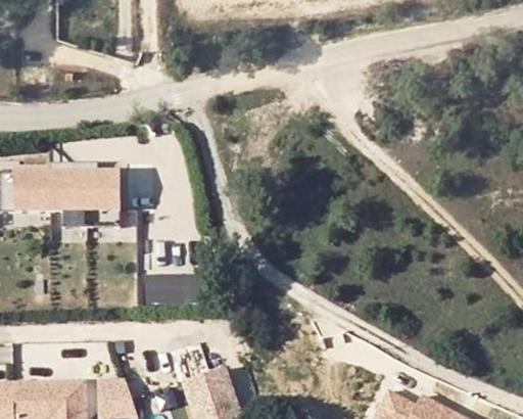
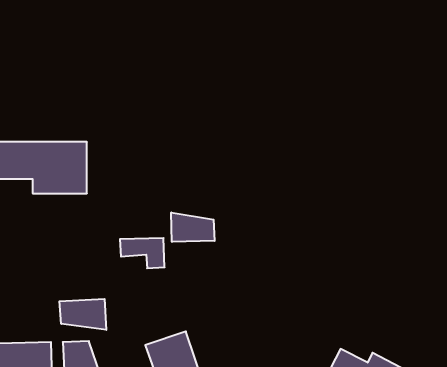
building: none -> [171,212,215,242]
building: none -> [59,299,106,330]

